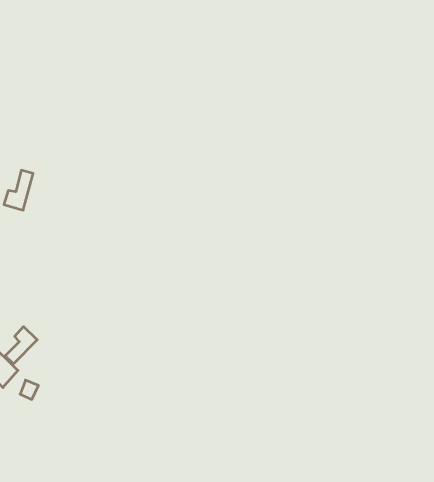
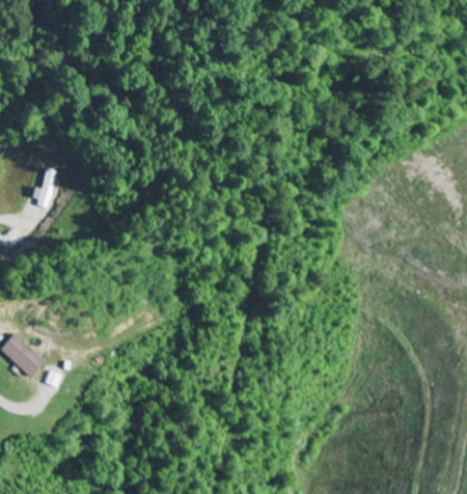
building: [5,327,37,364] -> none

